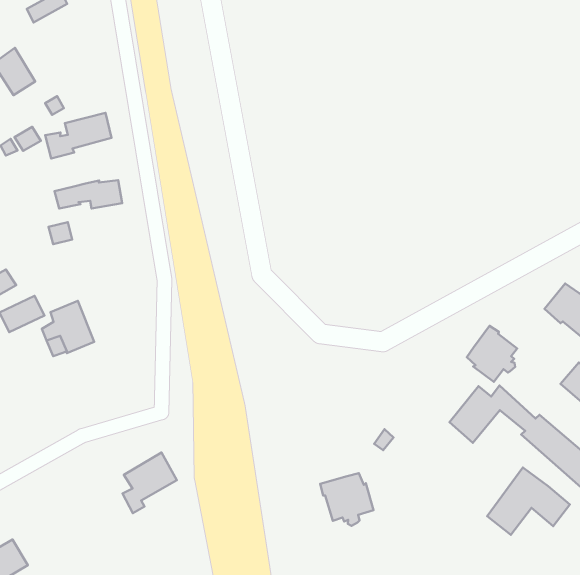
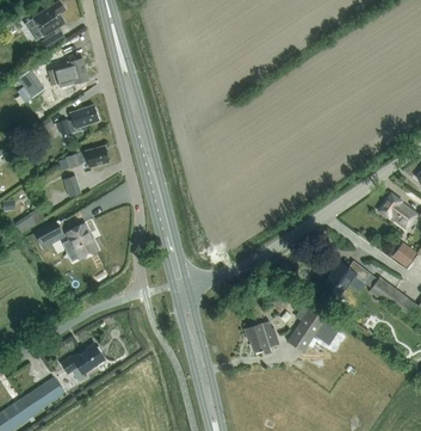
building: none -> [48,59,88,85]
building: [467,326,517,382] -> none
building: [123,452,177,513] -> [72,343,105,382]
building: [487,467,570,535] -> [287,309,339,352]

